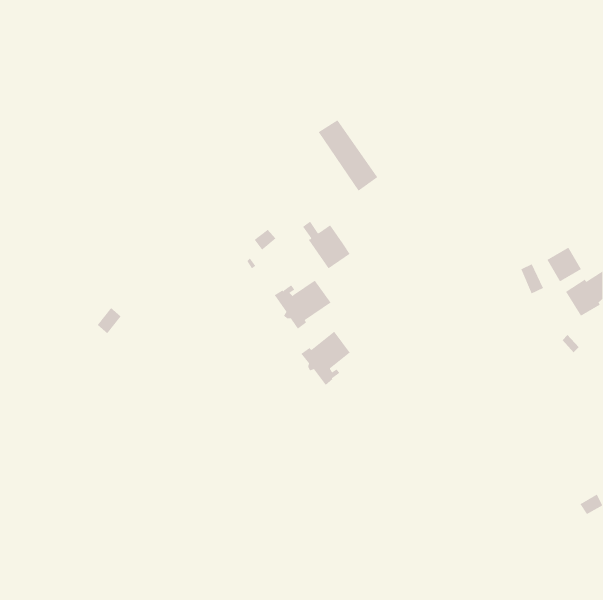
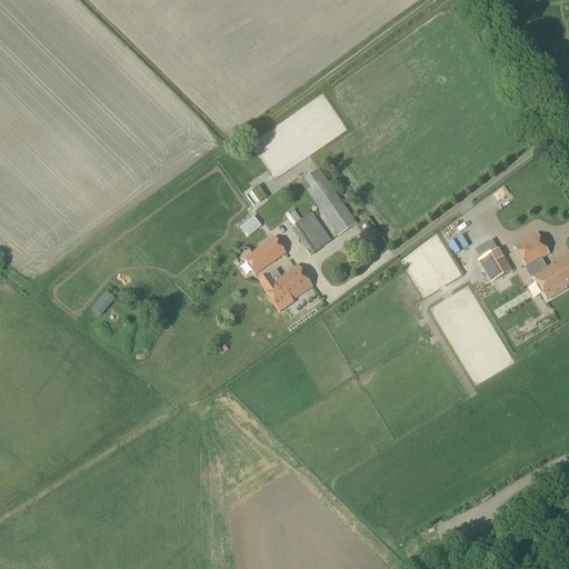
building: [318,119,378,191] -> [300,167,357,234]
building: none -> [244,236,284,272]
building: [301,331,350,386] -> none

